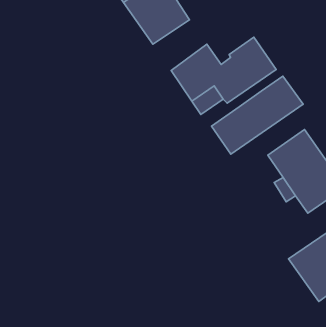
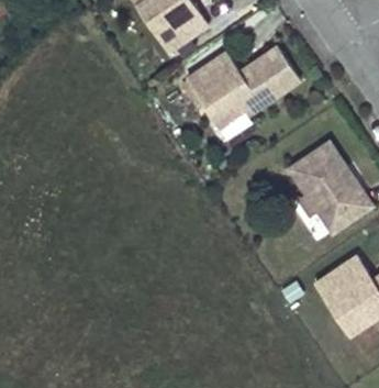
building: [212,76,303,154] -> none

